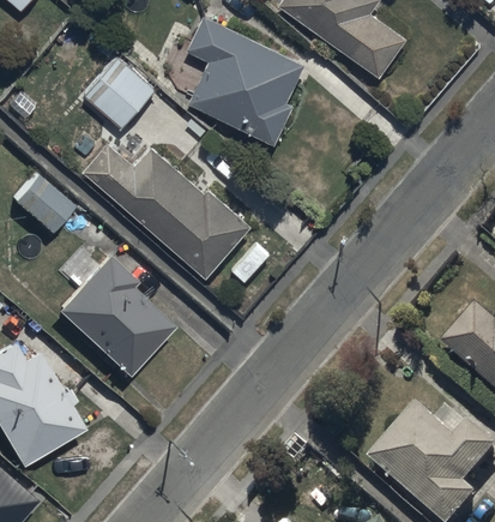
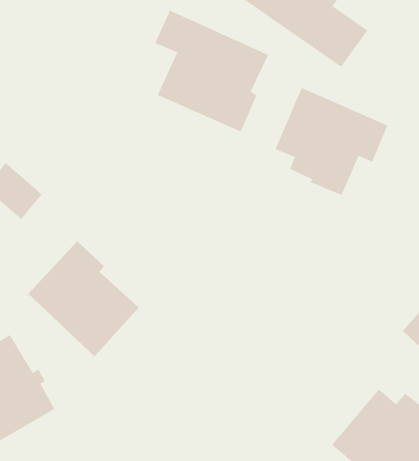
building: [84,54,156,126] -> none
building: none -> [275,87,388,196]
building: [83,138,253,277] -> none

